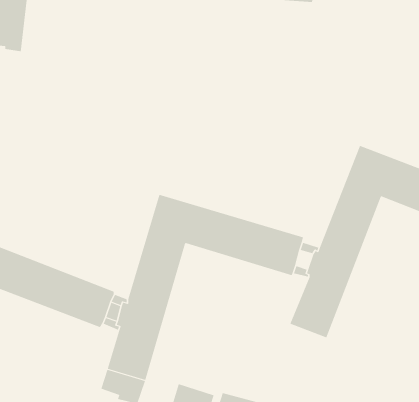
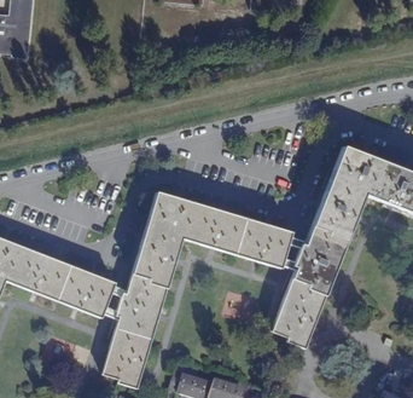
building: none -> [271,313,312,348]

